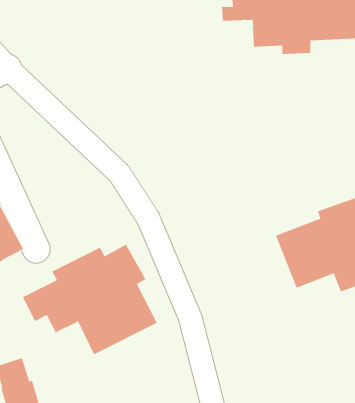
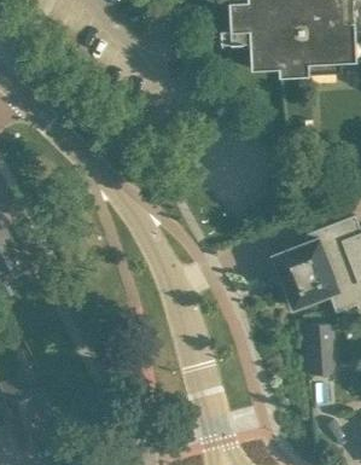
building: [22,244,158,355] -> none
building: none -> [308,324,336,374]

